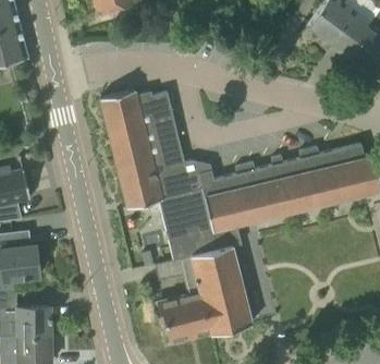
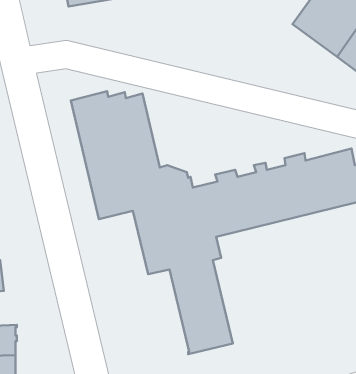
building: [154,255,210,342] -> none

